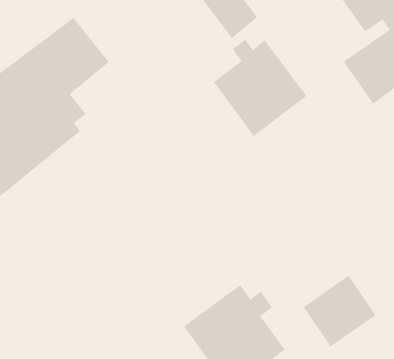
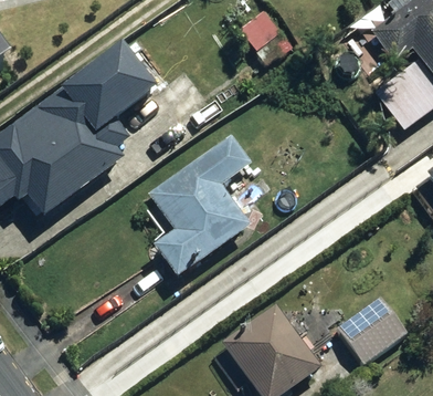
building: [213,39,307,137] -> none
building: none -> [142,134,252,280]

